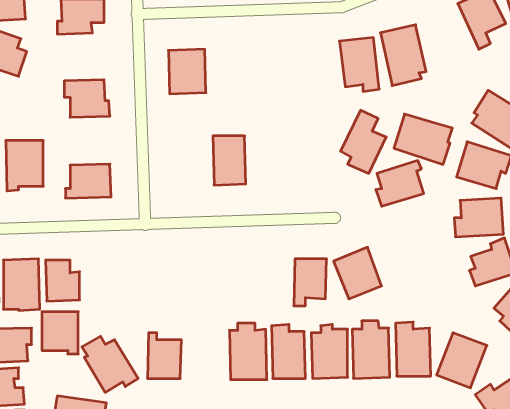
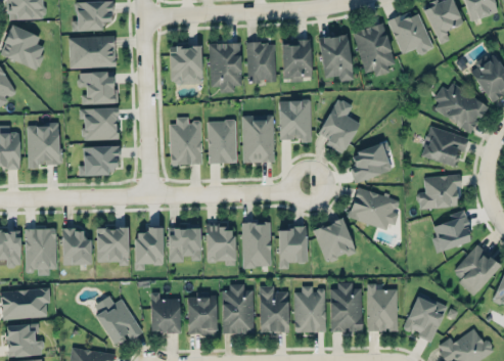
building: none -> [388,9,433,54]
building: none -> [68,36,116,67]
building: none -> [281,41,311,81]
building: none -> [246,42,275,83]
building: none -> [209,43,241,93]
building: none -> [279,100,311,142]
building: [394,114,452,164] -> [348,187,399,231]
building: none -> [79,107,119,140]
building: none -> [241,116,274,163]
building: none -> [170,118,201,166]
building: none -> [241,222,270,267]
building: none -> [205,225,234,266]
building: none -> [135,227,163,270]
building: none -> [168,227,200,261]
building: [42,312,78,354] -> [96,228,128,265]
building: none -> [187,295,217,334]

